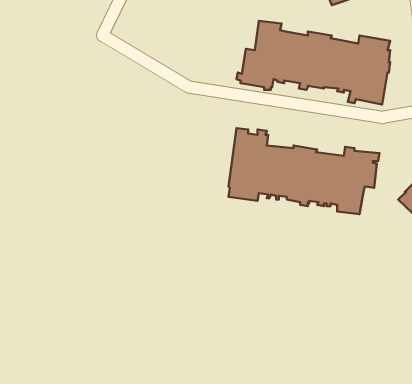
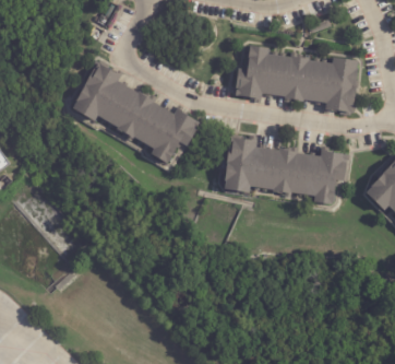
building: none -> [72,61,199,164]

